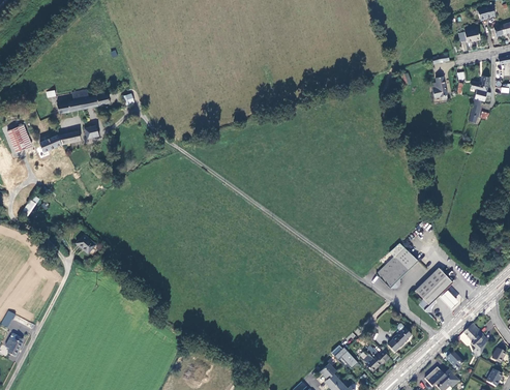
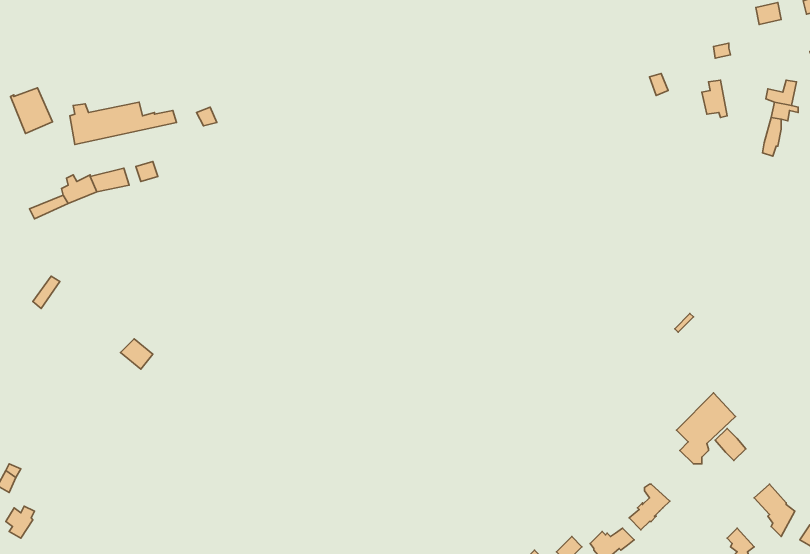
building: [6,124,32,152] -> [10,88,53,134]
building: [376,243,417,289] -> none

